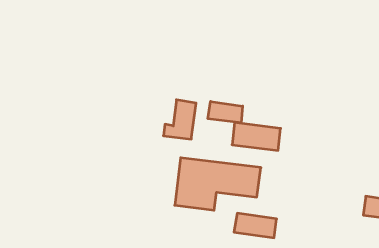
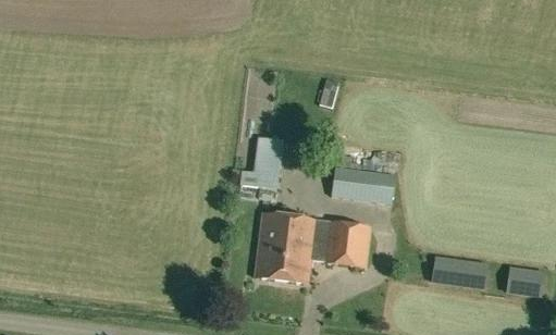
building: [208,101,243,123] -> none
building: [234,213,277,238] -> [430,255,486,287]

